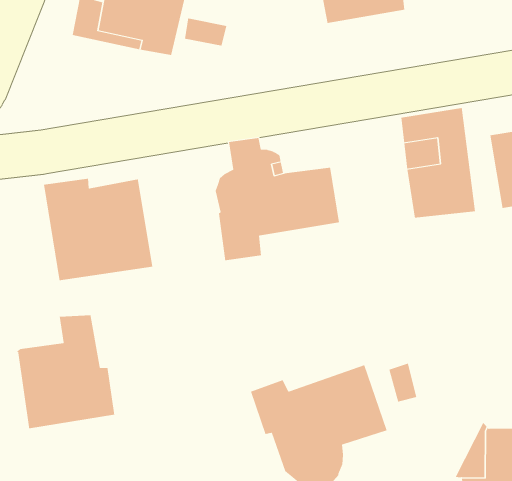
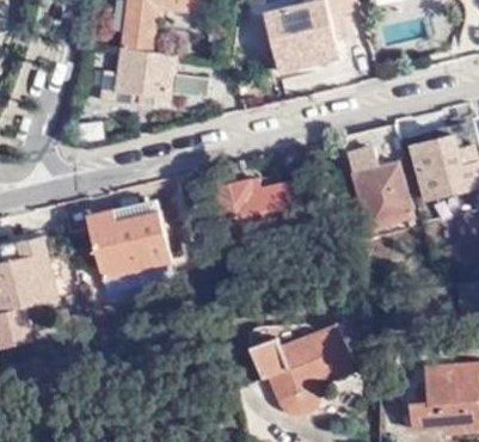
building: [16,314,115,429] -> none

